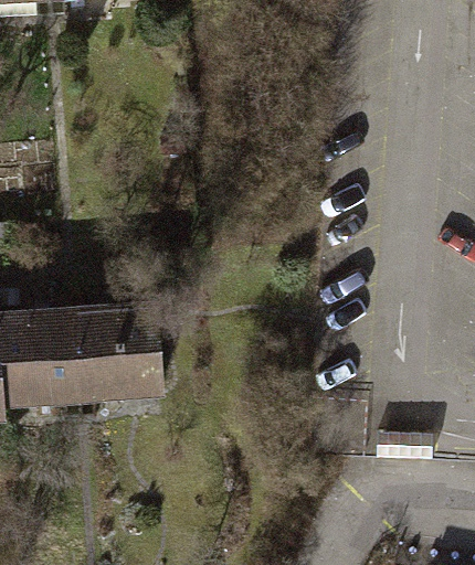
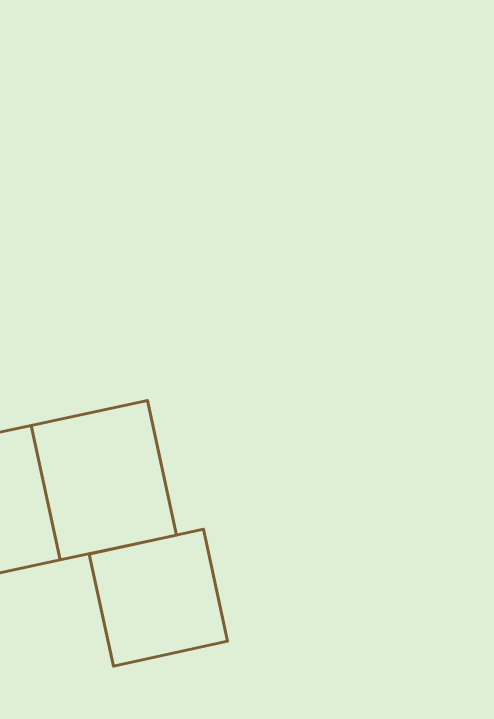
building: none -> [89,529,228,666]

